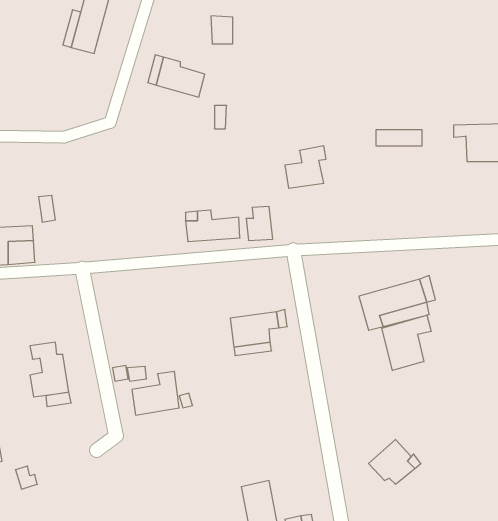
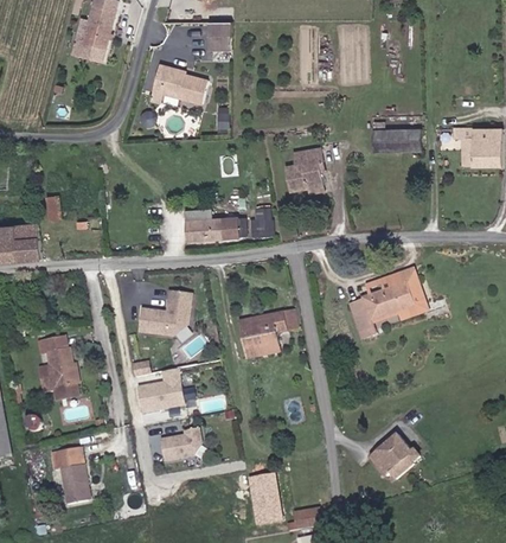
building: none -> [137,293,191,338]
building: [382,315,431,370] -> none
building: none -> [160,427,200,461]
building: none -> [52,448,90,504]

